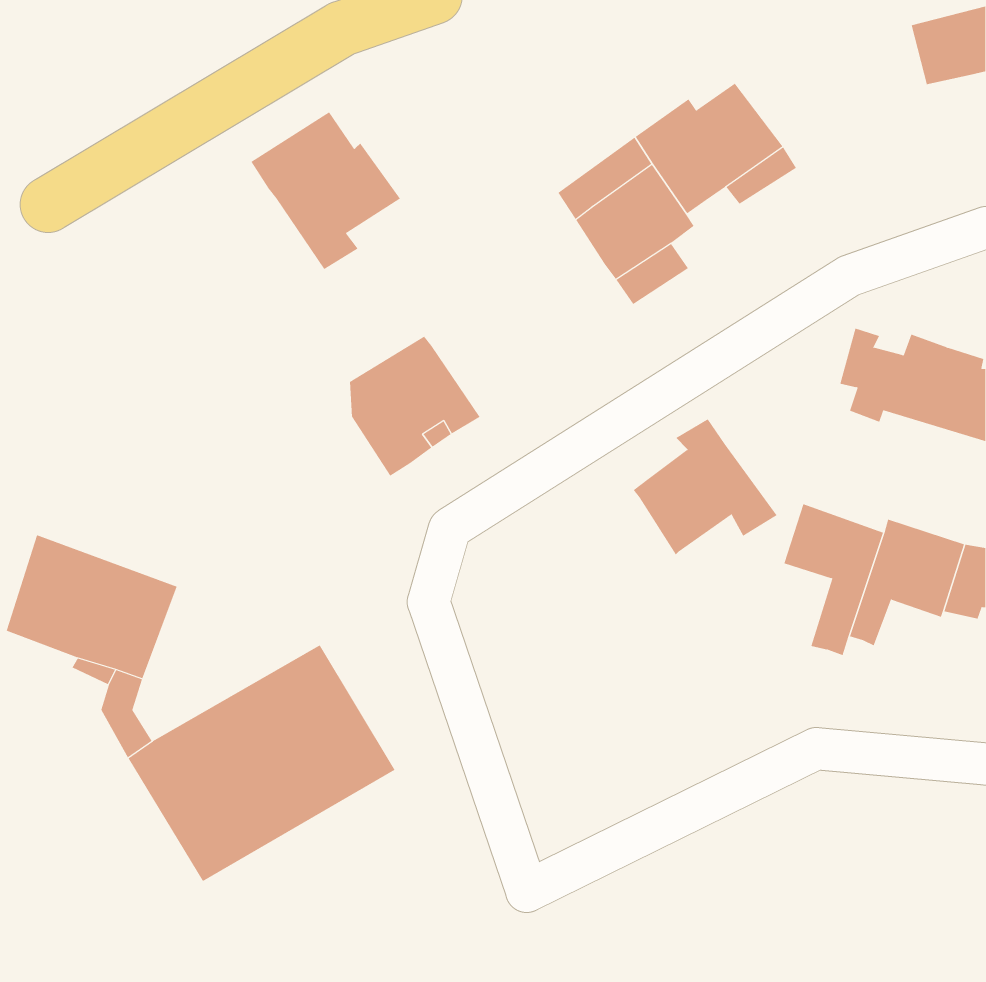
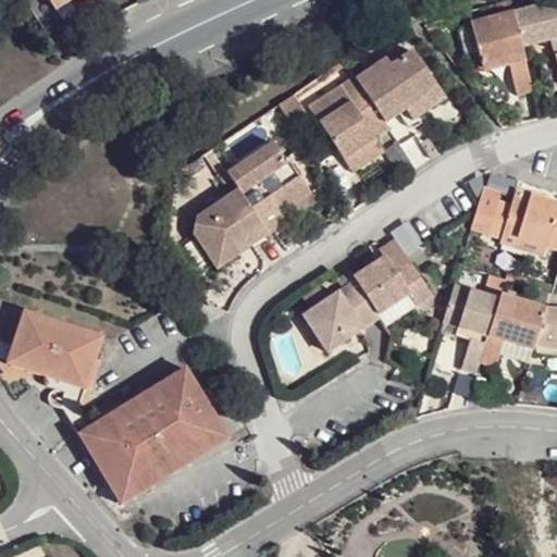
building: none -> [463,14,532,90]
building: [250,112,401,270] -> [230,146,314,235]
building: none -> [308,281,381,350]

